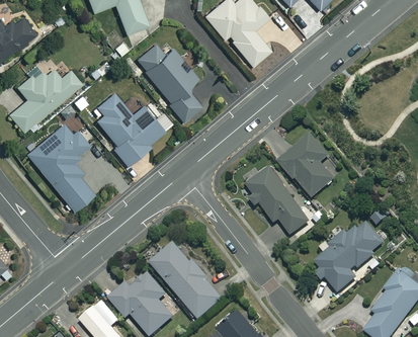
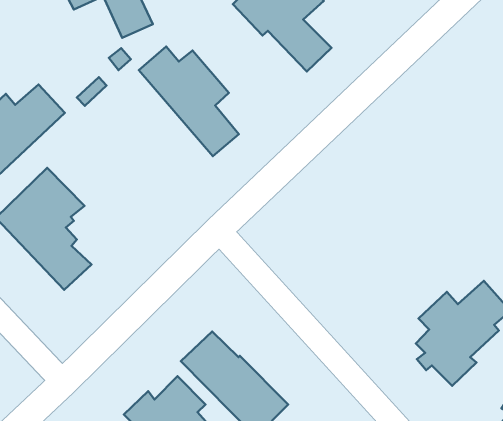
building: [95,92,163,164] -> none
building: [278,134,333,197] -> none
building: [246,167,309,235] -> none

